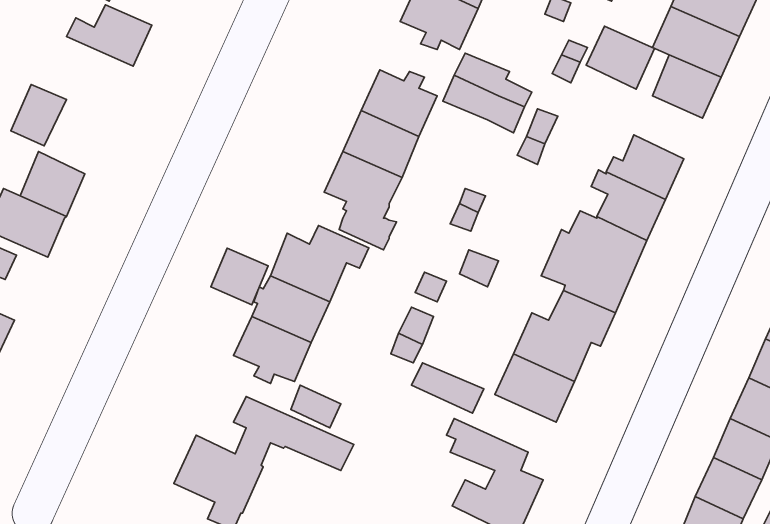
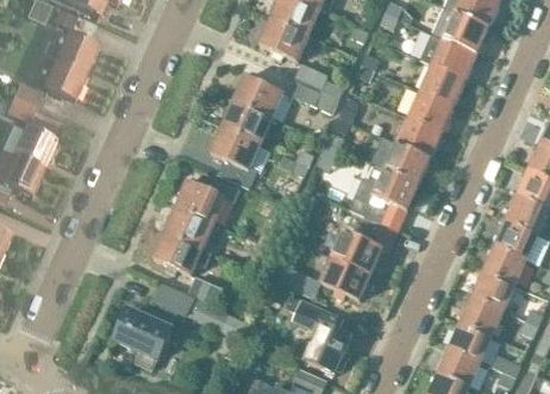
building: [586,26,655,89] -> [408,90,452,131]
building: none -> [44,52,87,99]
building: [211,248,268,305] -> none

